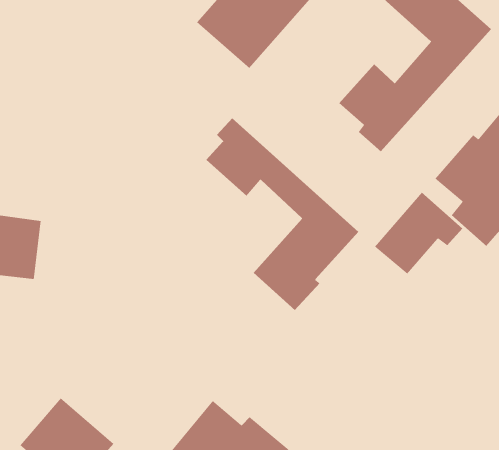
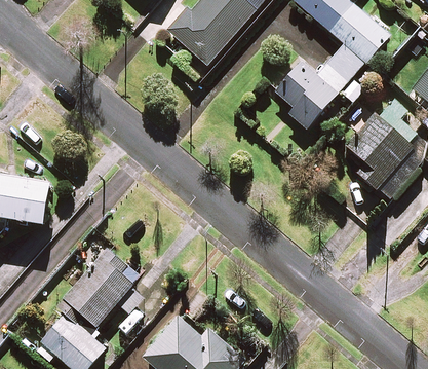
building: [206,118,359,311] -> none
building: [374,192,463,275] -> none
building: none -> [66,248,141,326]

